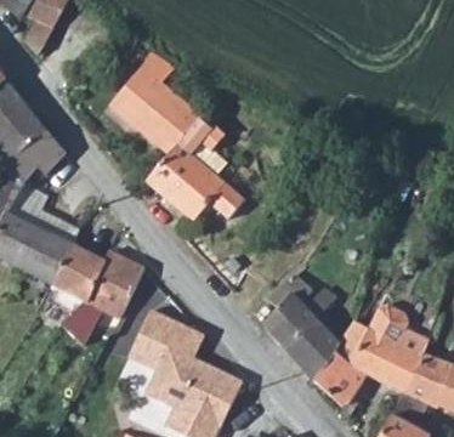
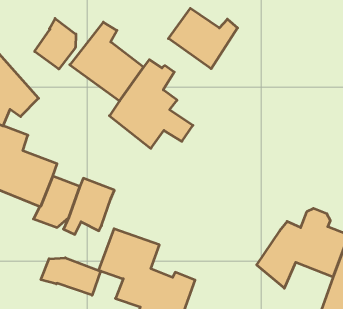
building: none -> [168,8,238,69]
building: none -> [35,18,76,69]
building: [266,271,344,370] -> none
building: none -> [41,258,101,295]

